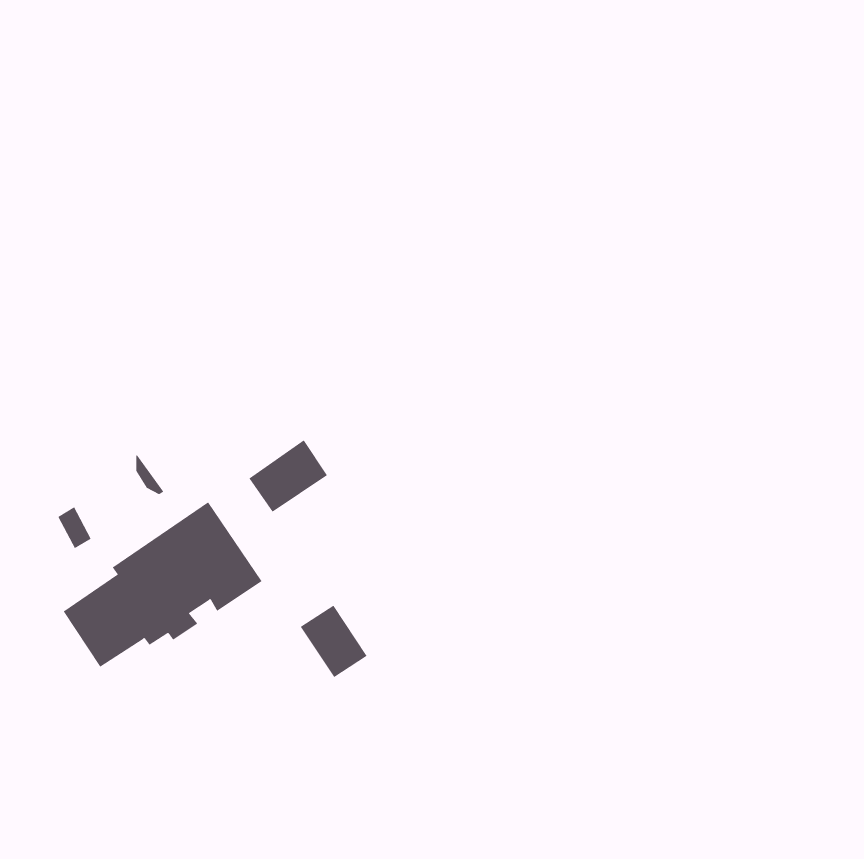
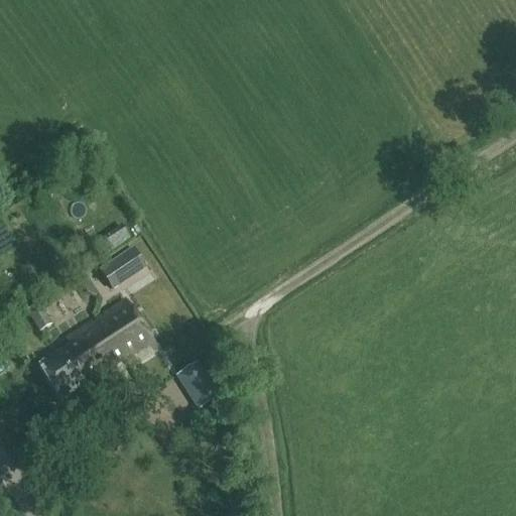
building: [248,440,328,512] -> [99,245,146,288]

